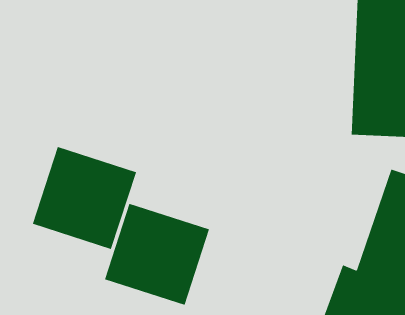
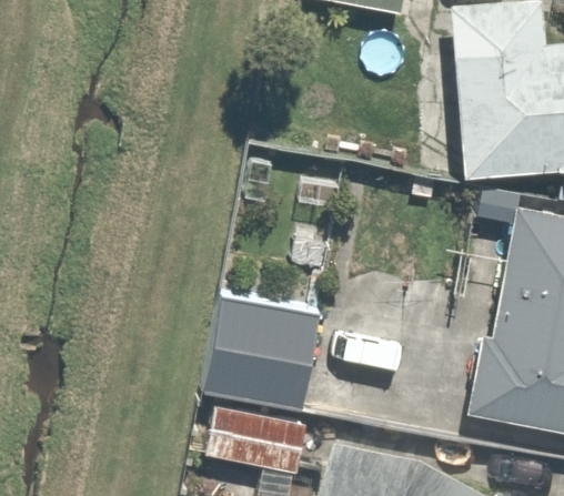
building: [32,146,137,250] -> none

